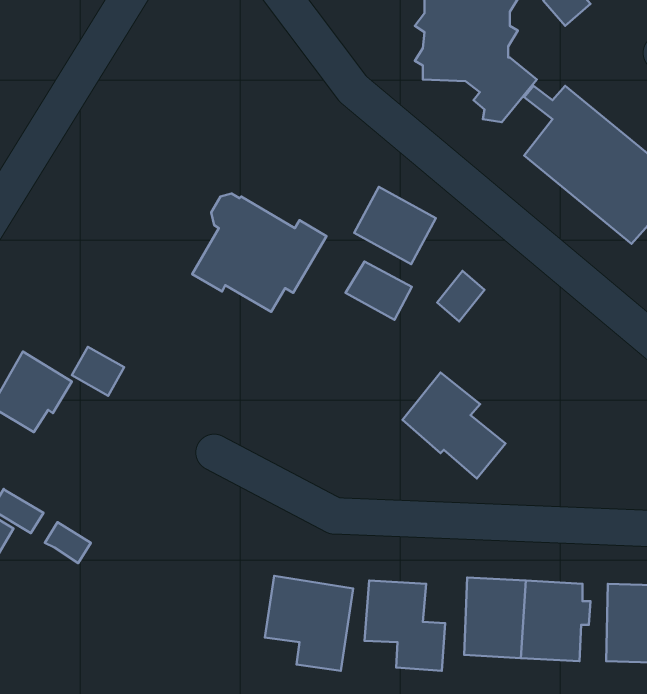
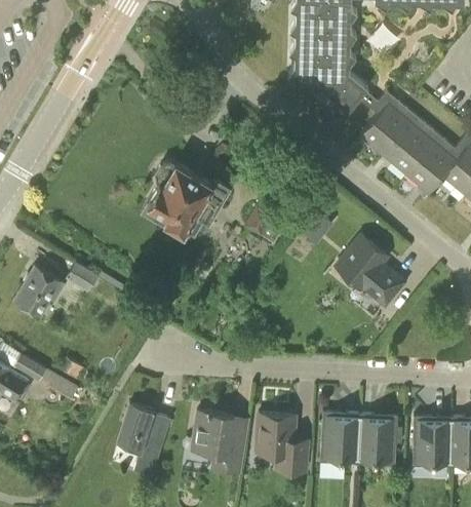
building: [354,187,436,264] -> none
building: [403,372,505,478] -> [336,236,402,305]
building: none -> [117,403,170,476]

